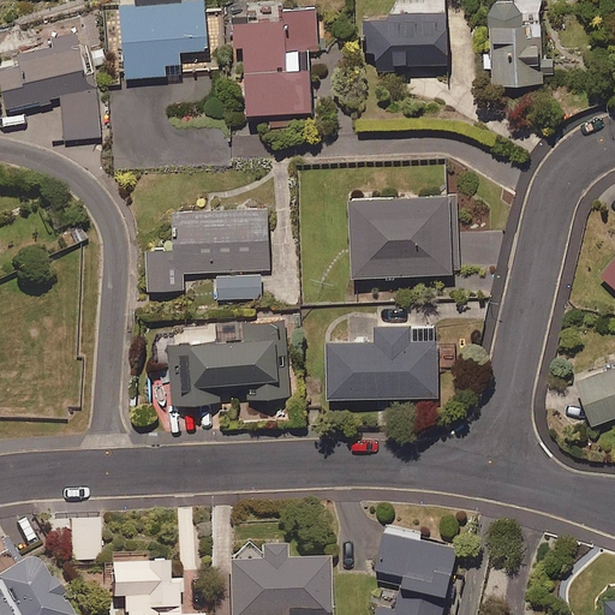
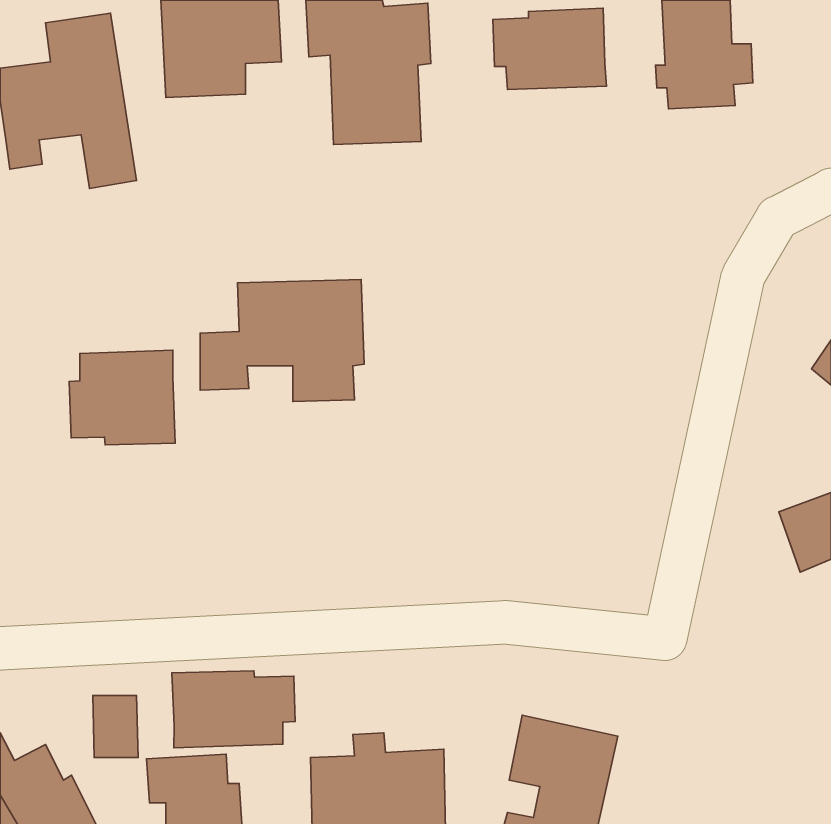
building: [350,195,458,279] -> none
building: none -> [69,350,175,445]
building: [327,316,454,400] -> none
building: [168,324,292,404] -> none
building: none -> [172,671,295,748]

